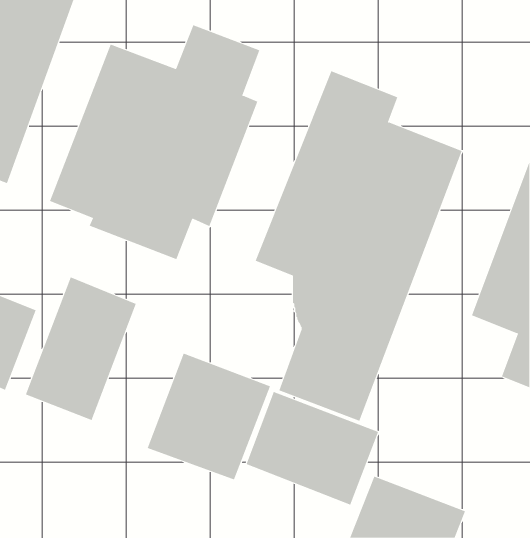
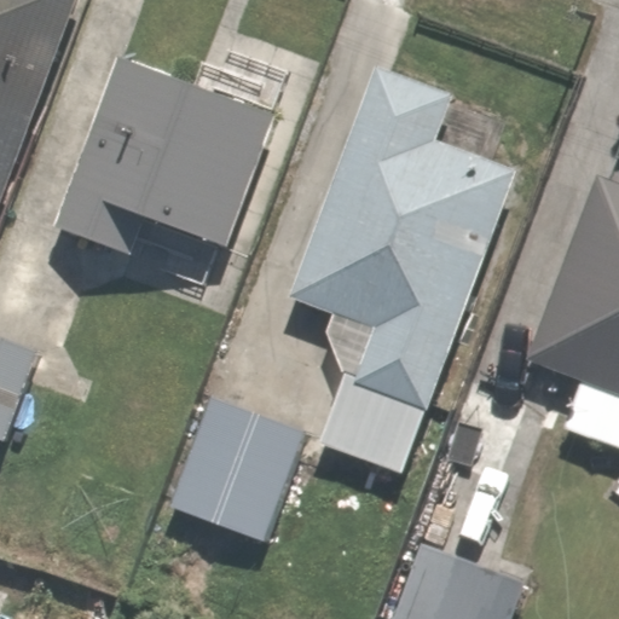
building: [25,277,136,421] -> none
building: [246,391,379,505] -> none

